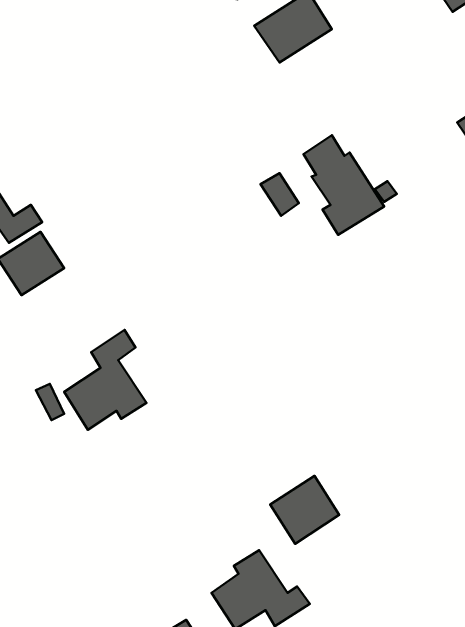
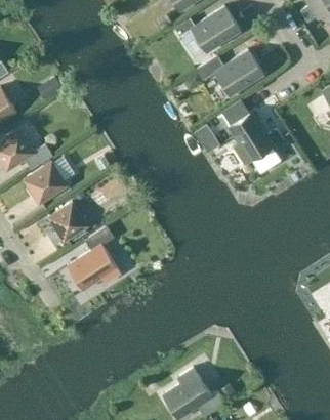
building: none -> [197,49,264,96]
building: none -> [48,202,88,242]
building: [270,476,339,544] -> none

